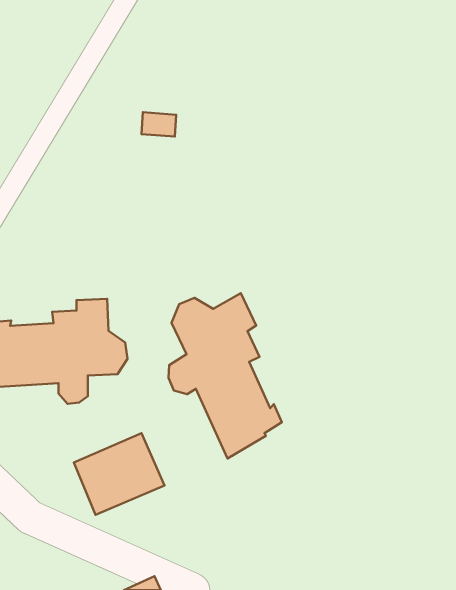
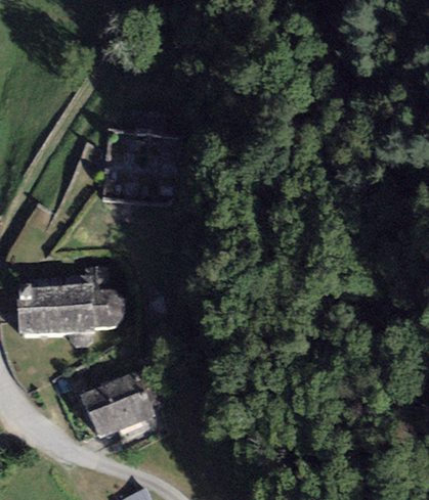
building: [169,293,282,458] -> none

